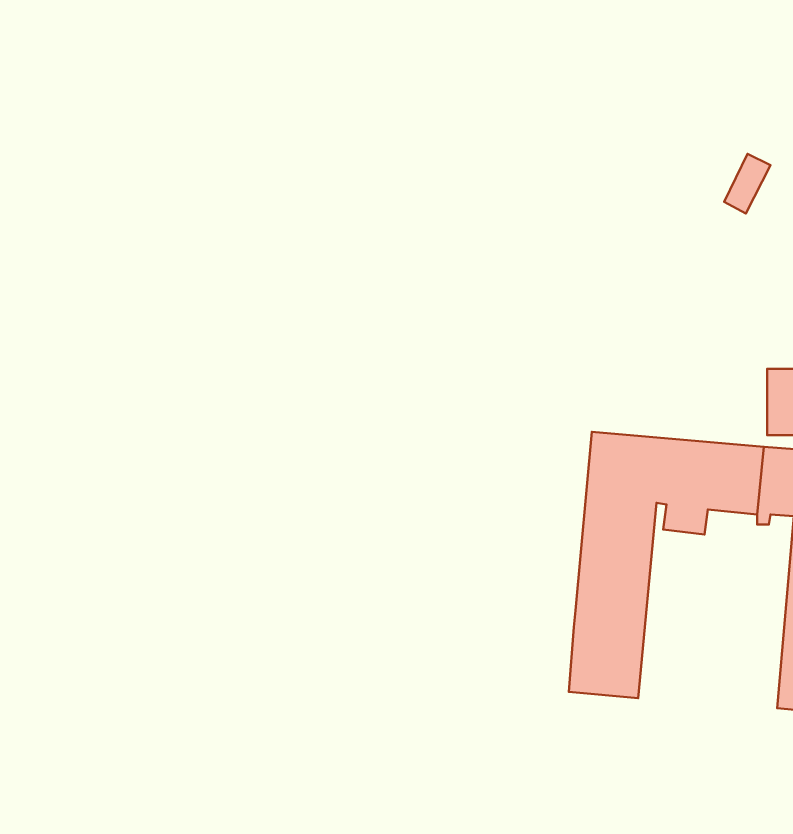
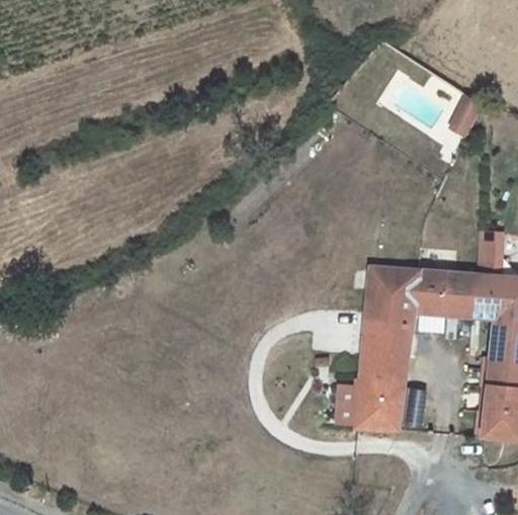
building: none -> [338,383,360,424]

